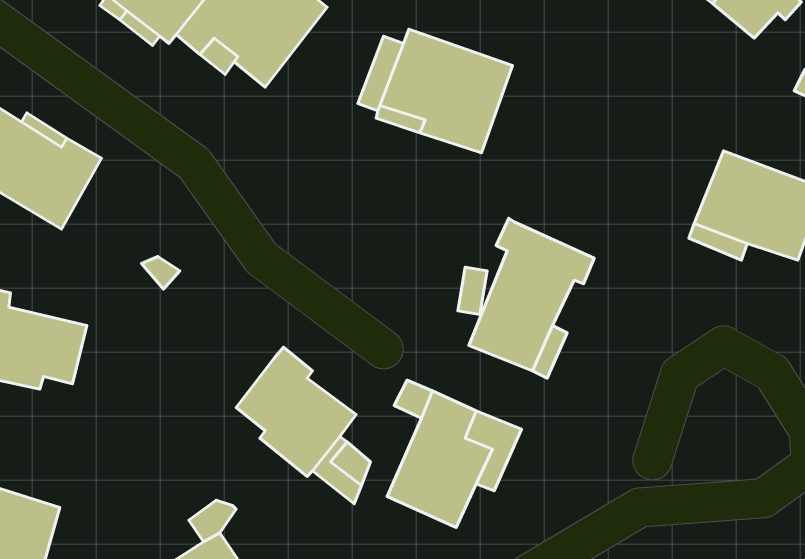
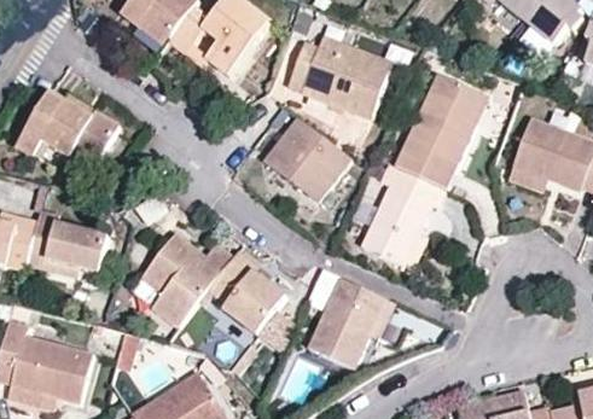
building: none -> [391,74,487,188]
building: none -> [262,115,351,200]
building: none -> [139,231,232,326]

